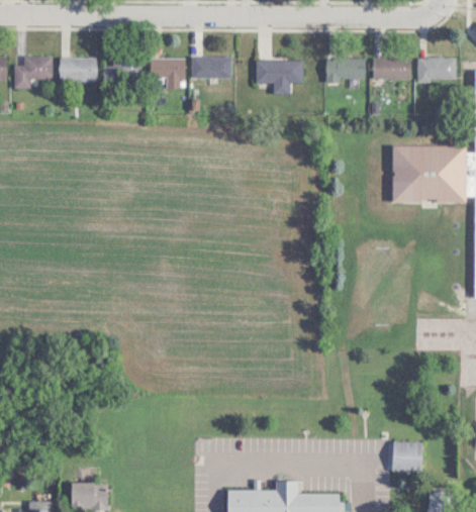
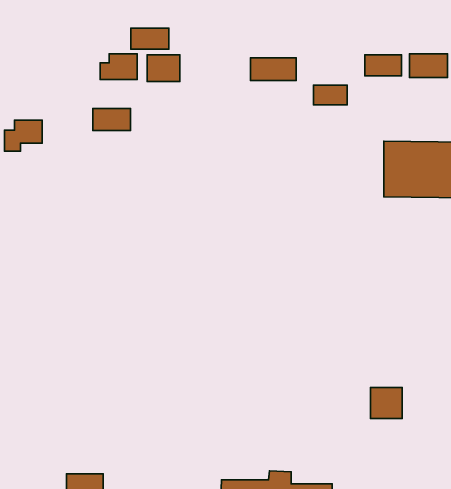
building: [14,56,53,87] -> [5,120,42,151]
building: [193,56,231,77] -> [131,28,169,49]
building: [59,58,97,80] -> [93,109,131,130]
building: [331,58,366,78] -> [313,85,347,105]
building: [390,441,422,473] -> [370,388,402,418]

